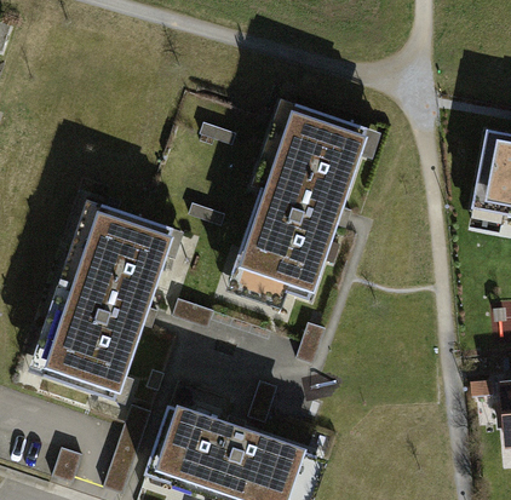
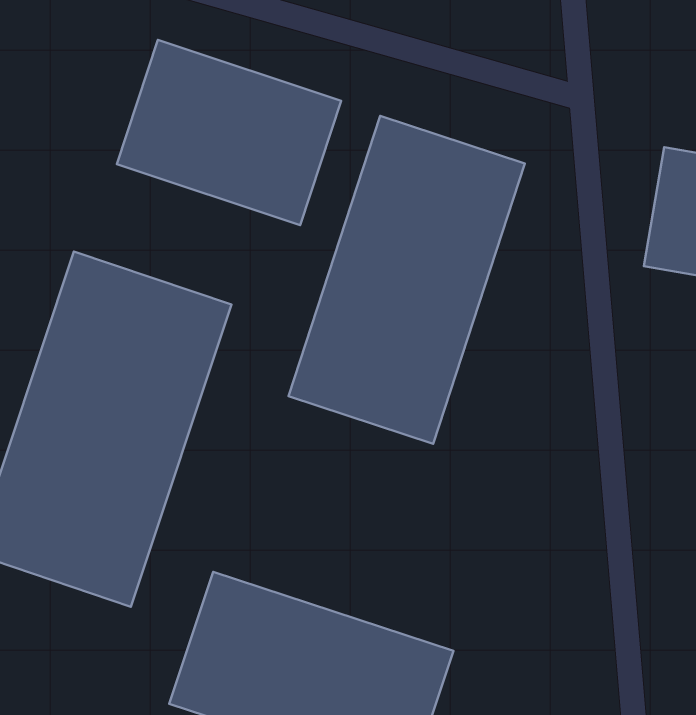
building: none -> [117,40,341,225]

